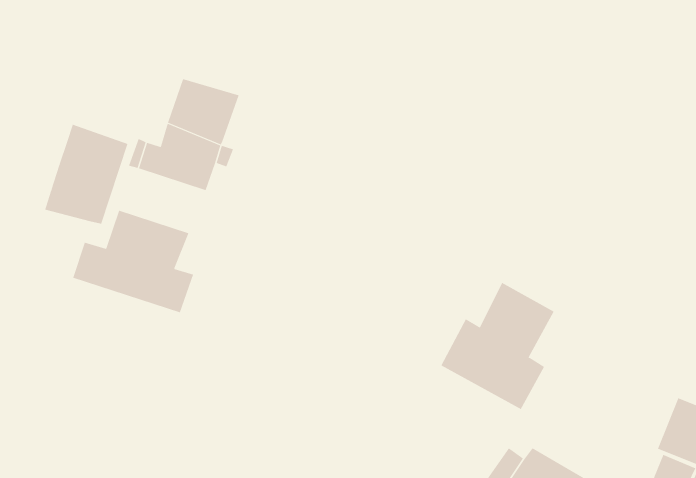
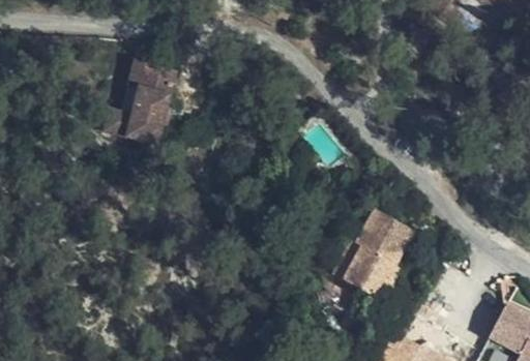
building: [44,124,128,224] -> none
building: [72,210,194,313] -> none

